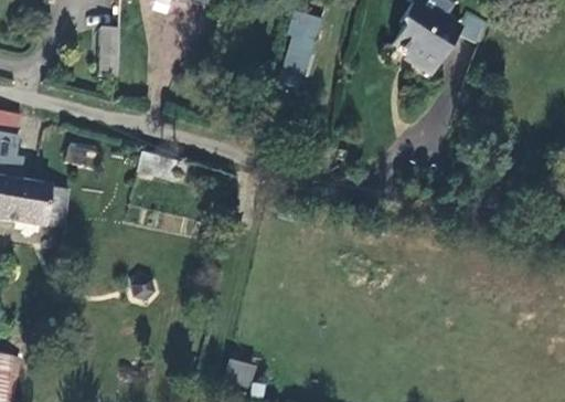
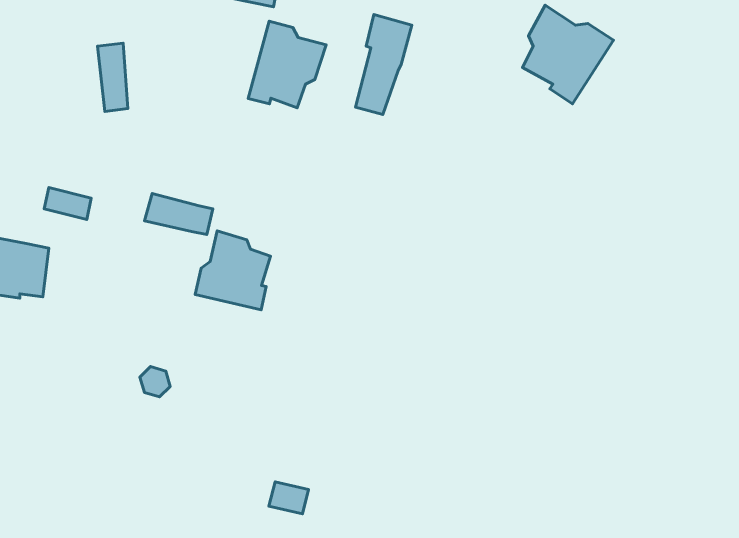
building: none -> [248,21,326,108]
building: none -> [195,231,270,310]

